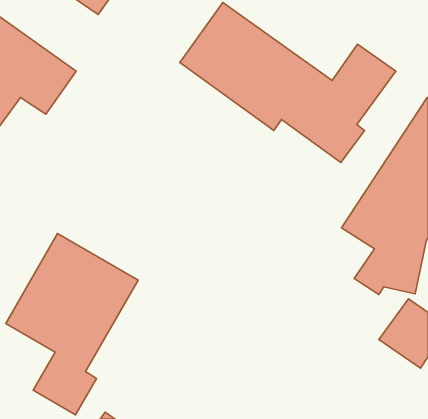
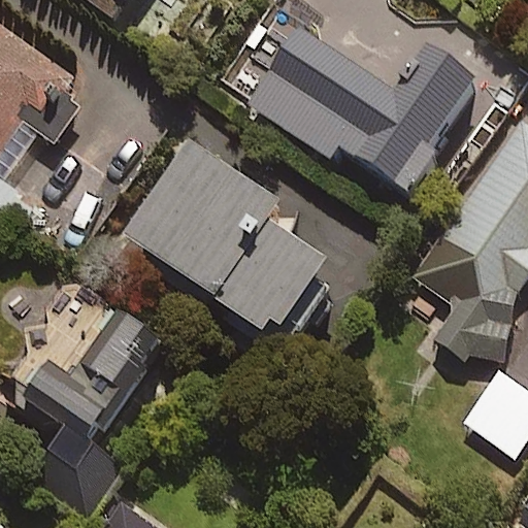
building: none -> [133,141,342,354]

